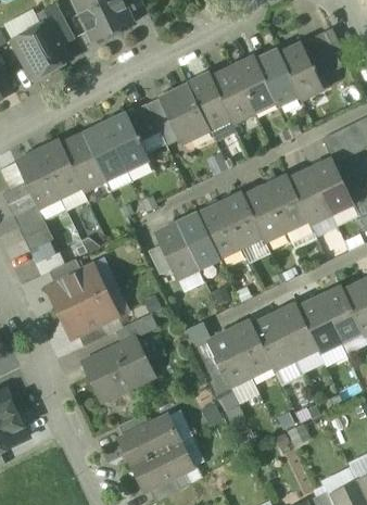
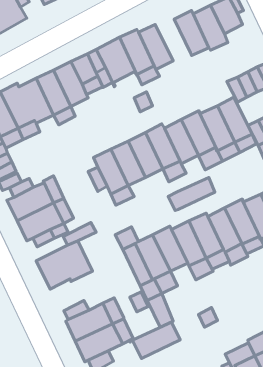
building: [231,54,276,111] -> none
building: none -> [168,178,215,210]
building: none -> [130,322,180,358]

